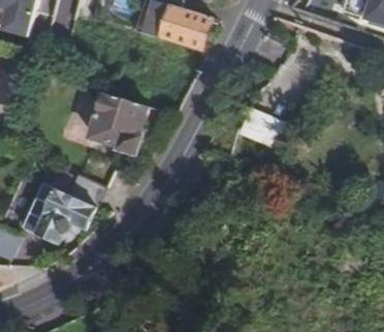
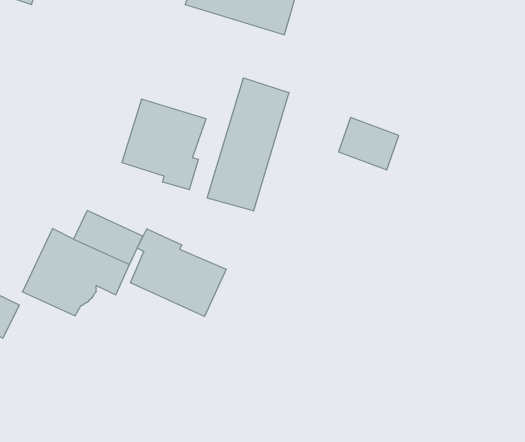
building: none -> [207,78,289,211]
building: none -> [131,229,226,316]

